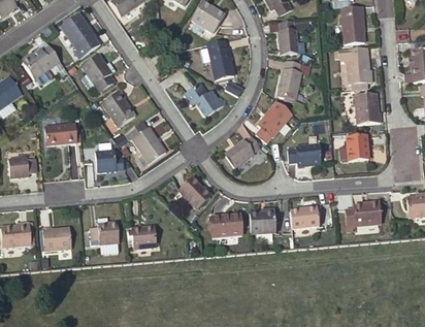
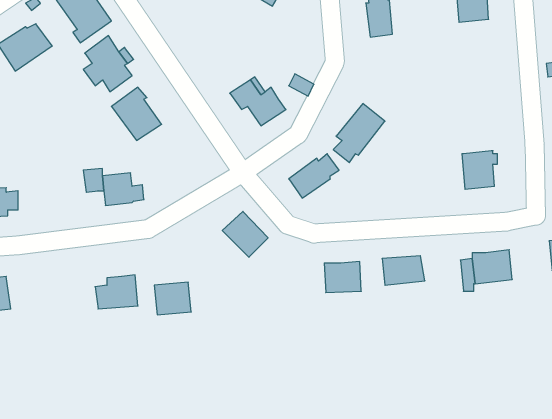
building: [206,40,234,79] -> none
building: [338,47,370,84] -> none
building: [279,61,301,99] -> none
building: [355,93,381,124] -> none
building: [125,122,166,164] -> none
building: [44,124,76,145] -> none
building: [287,144,320,166] -> none
building: [211,214,241,237] -> none
building: [42,227,72,251] -> none

